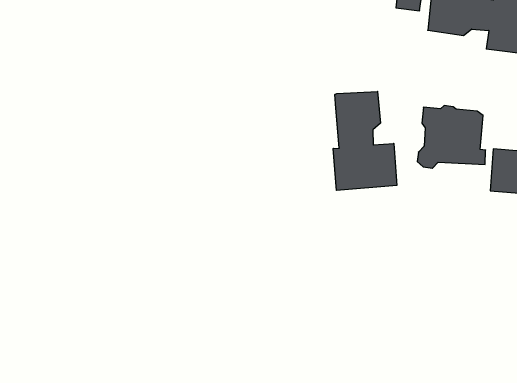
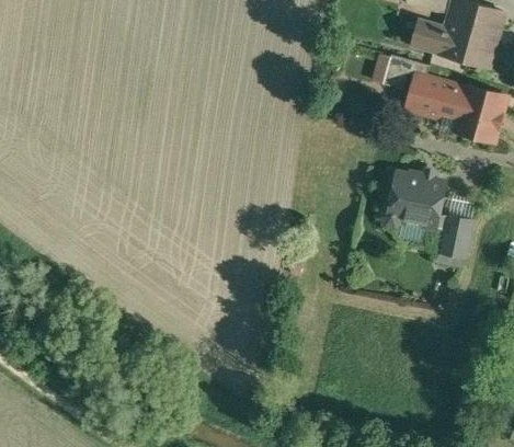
building: [333,91,397,190] -> none

